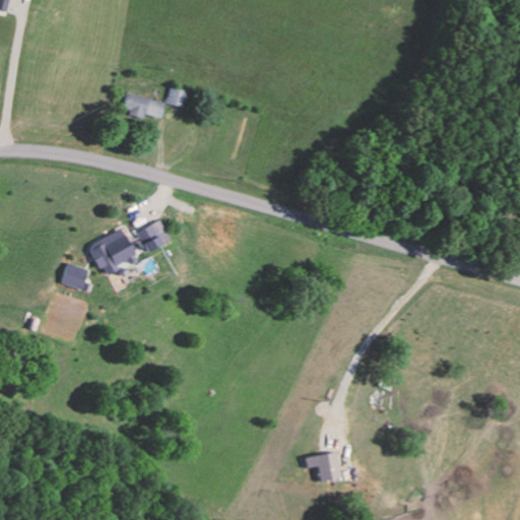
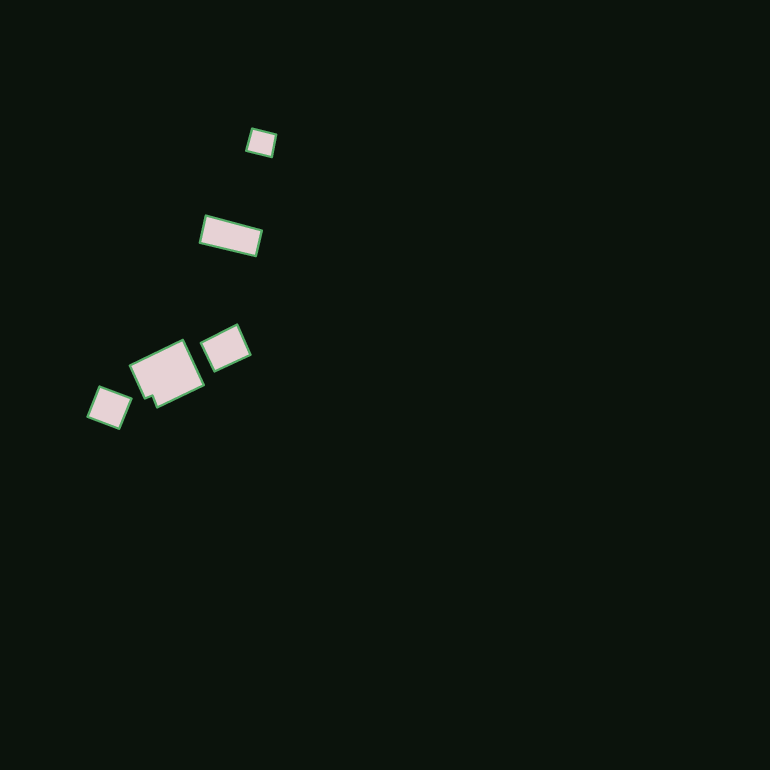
building: [121,91,162,119] -> [200,216,262,256]
building: [303,450,339,481] -> none

